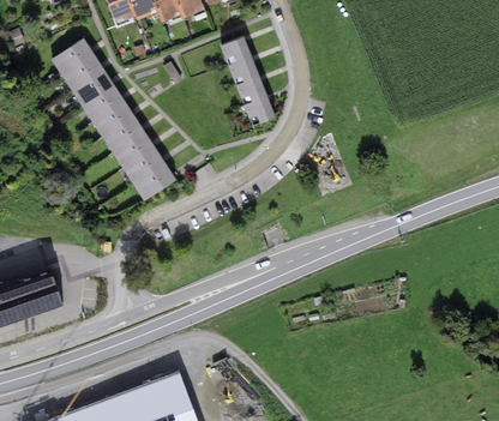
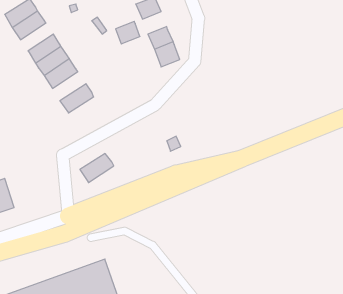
building: [228,55,259,84] -> [116,21,140,44]
building: [72,70,114,106] -> none
building: [113,132,156,169] -> none
building: [133,164,176,202] -> [80,154,114,183]

